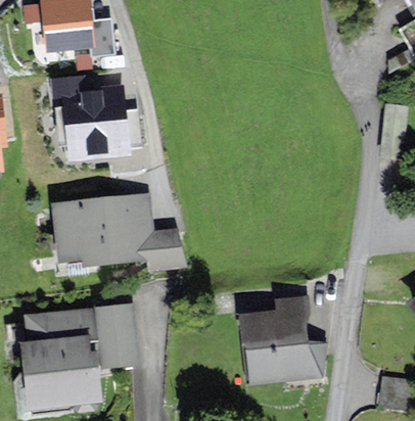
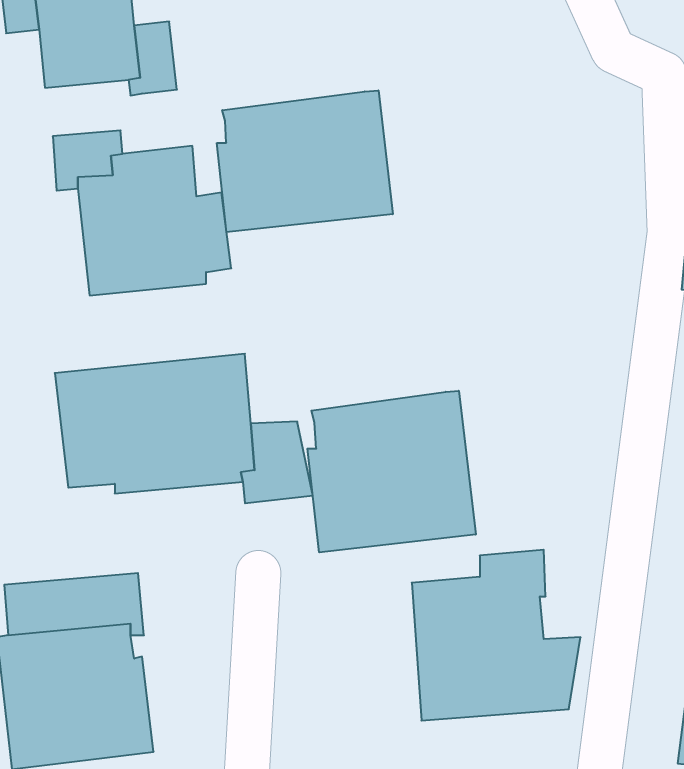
building: none -> [217,90,393,232]
building: none -> [307,391,476,552]

